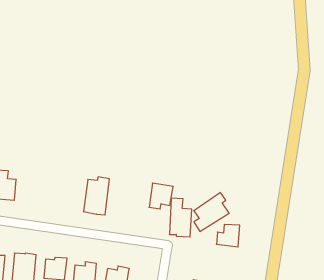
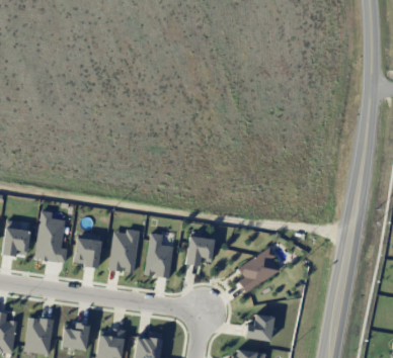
building: none -> [35,210,68,263]
building: none -> [76,232,101,268]
building: [169,198,192,237] -> [147,233,173,278]
building: [216,224,240,247] -> [246,315,273,341]

